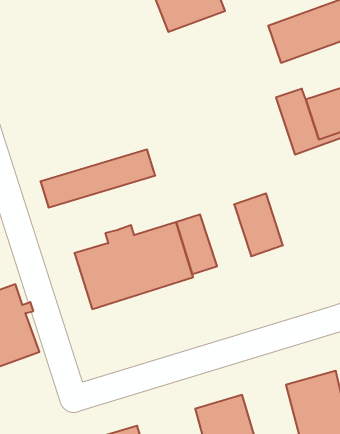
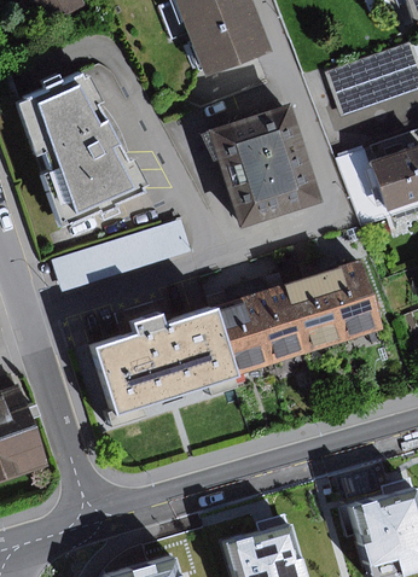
building: none -> [18,71,143,225]
building: none -> [210,103,325,227]
building: none -> [325,261,383,336]
building: none -> [245,286,307,361]

